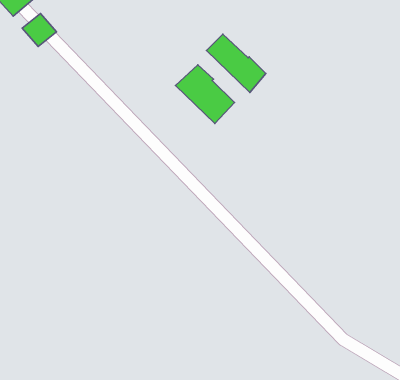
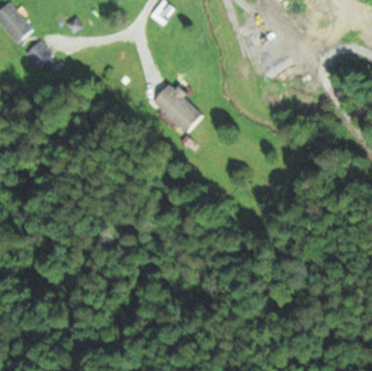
building: [206,34,266,92] -> none

